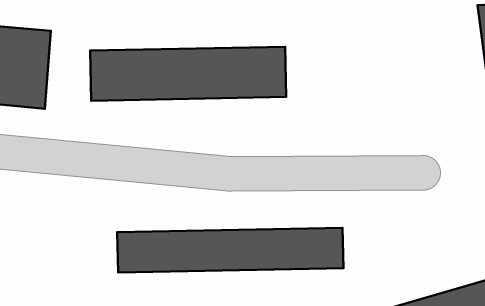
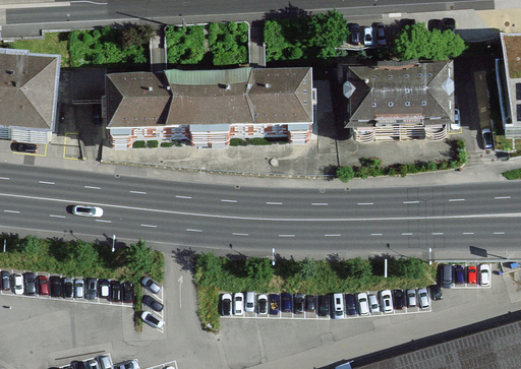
building: none -> [339,62,449,130]
building: [117,228,343,273] -> none

